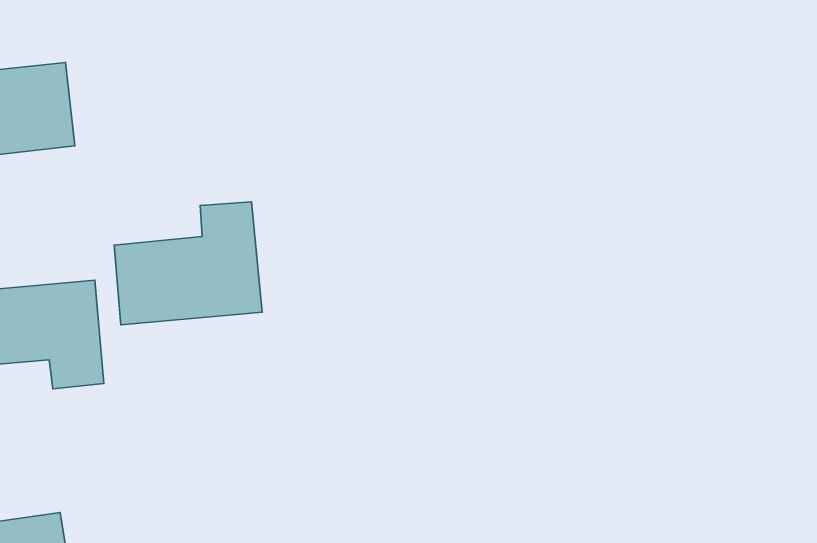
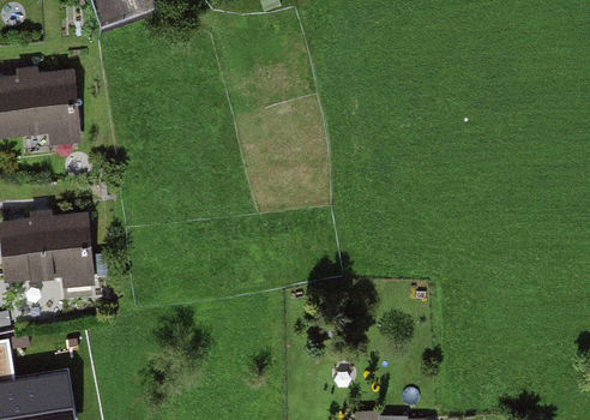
building: [114,202,262,325] -> none

